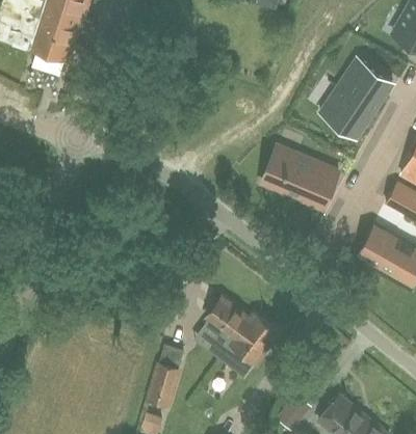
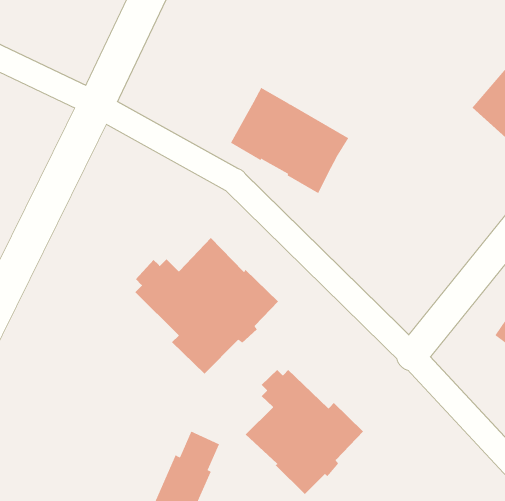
building: [262,145,339,210] -> [230,87,349,194]
building: none -> [135,237,279,375]

